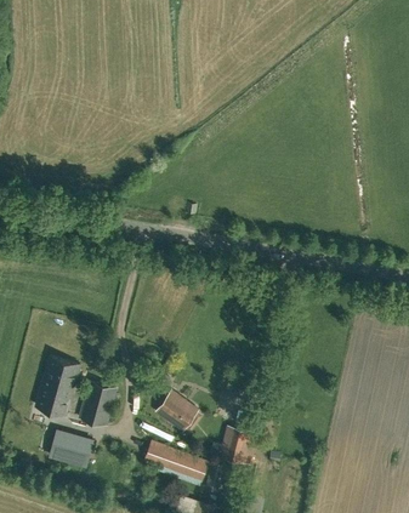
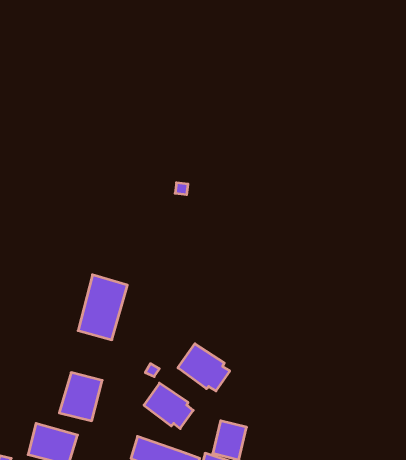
building: none -> [178,344,230,391]
building: [35,354,81,415] -> [78,275,127,340]

